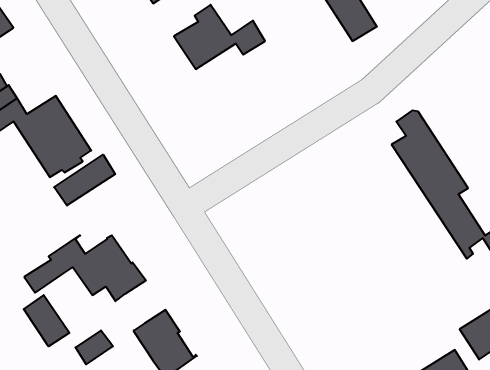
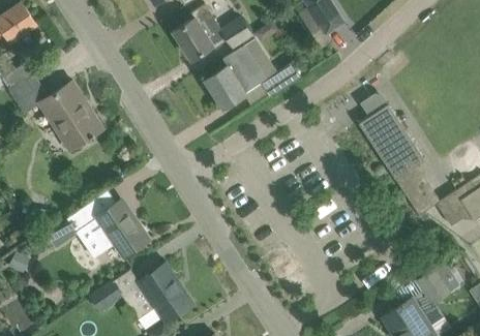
building: none -> [206,39,301,109]
building: [54,155,115,206] -> none
building: [24,295,69,346] -> none

